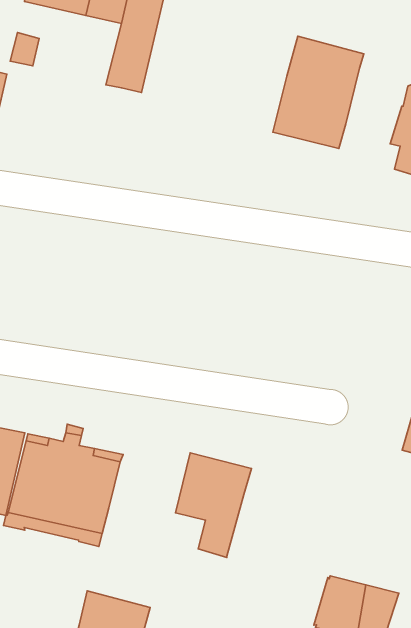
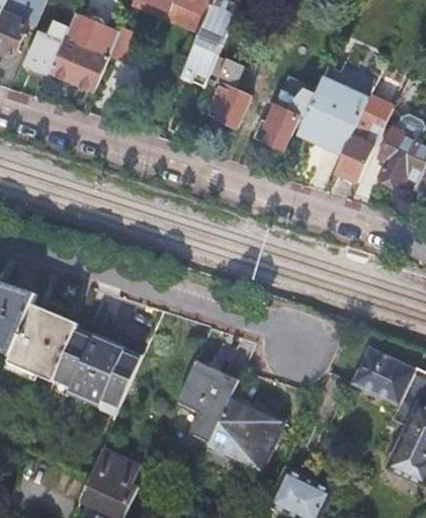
building: none -> [334,95,392,180]
building: none -> [255,86,314,148]
building: none -> [210,74,251,127]
building: none -> [207,396,281,477]

